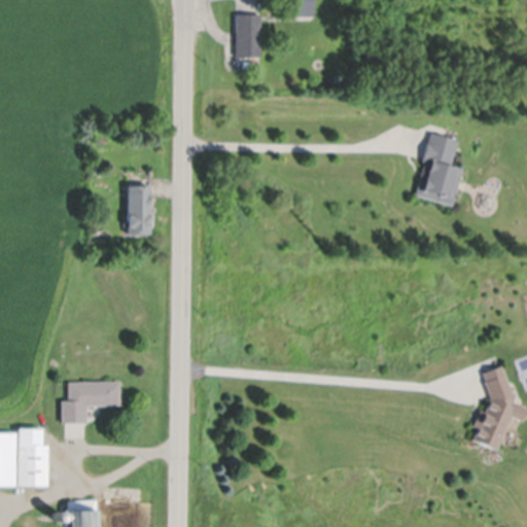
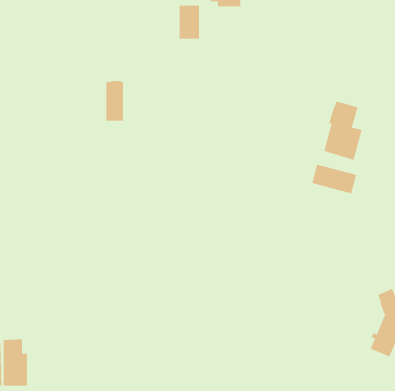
building: [127,183,149,234] -> [105,81,124,121]
building: none -> [311,164,357,194]
building: [61,381,120,424] -> none

